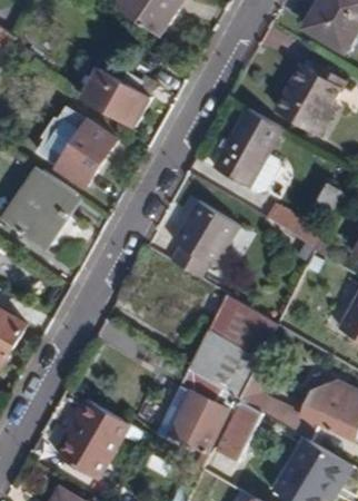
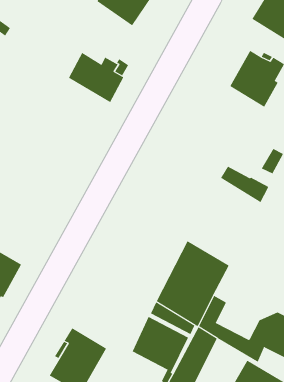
building: [37,107,116,185] -> none
building: [213,107,282,191] -> none
building: [6,168,78,247] -> none
building: [170,187,239,281] -> none

